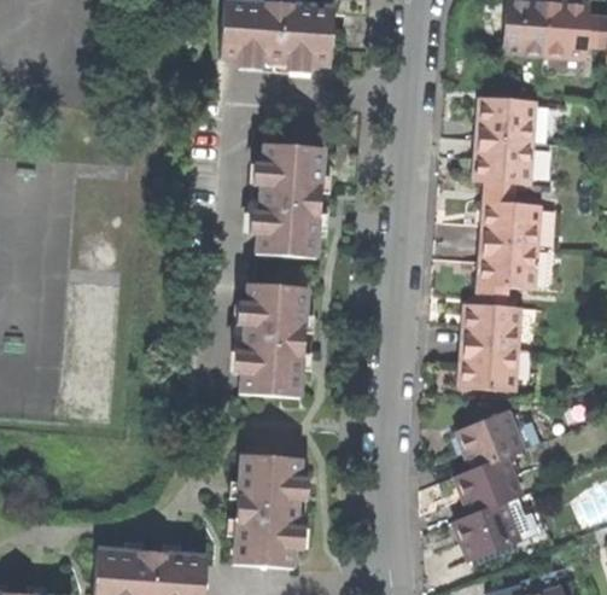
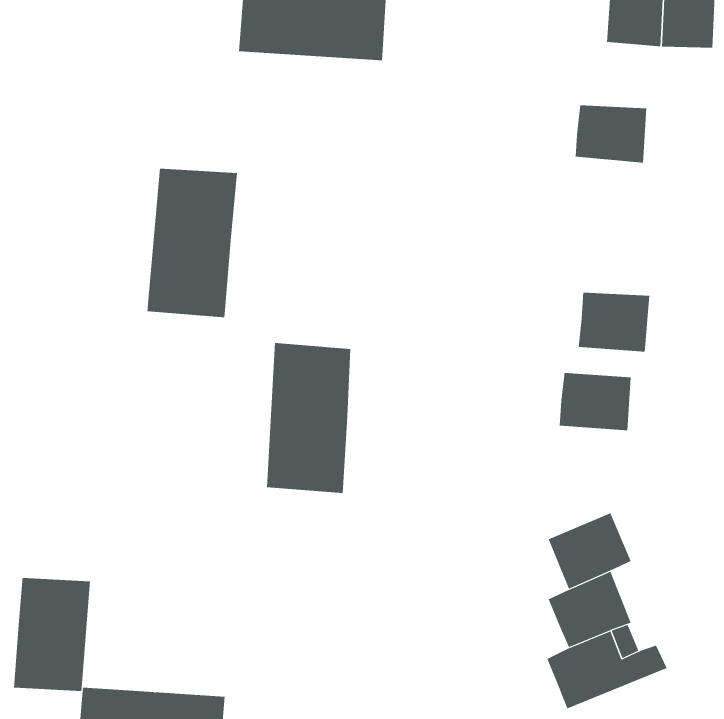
building: [474,140,530,186] -> none
building: [253,145,323,259] -> [146,168,238,318]
building: [483,202,538,246] -> none
building: [462,346,518,392] -> none
building: [235,451,302,566] -> none
building: none -> [14,577,90,692]

